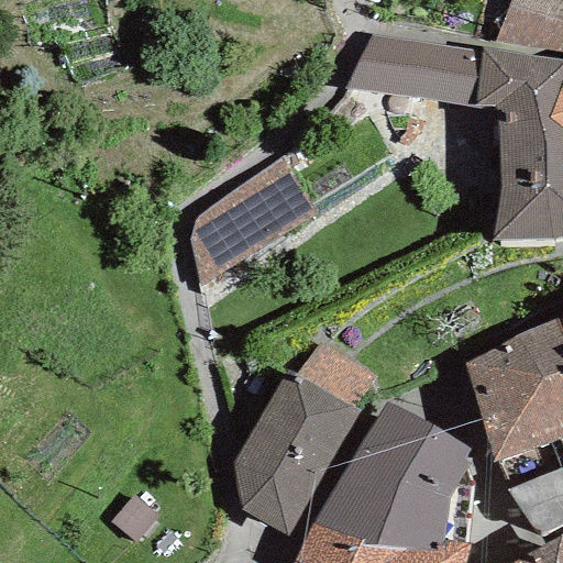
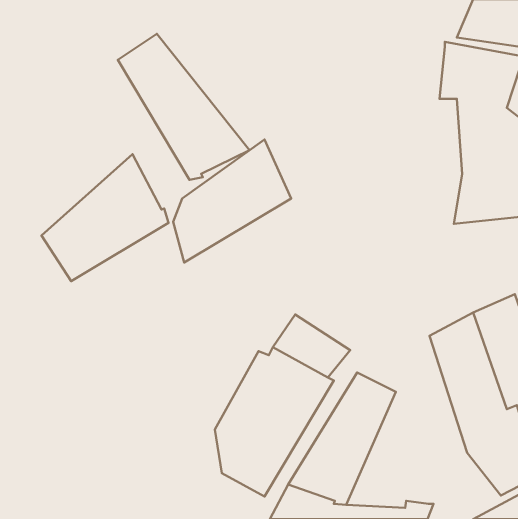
building: [344,32,483,107] -> none
building: none -> [118,34,250,180]
building: none -> [41,154,168,281]
building: [376,423,473,549] -> none

